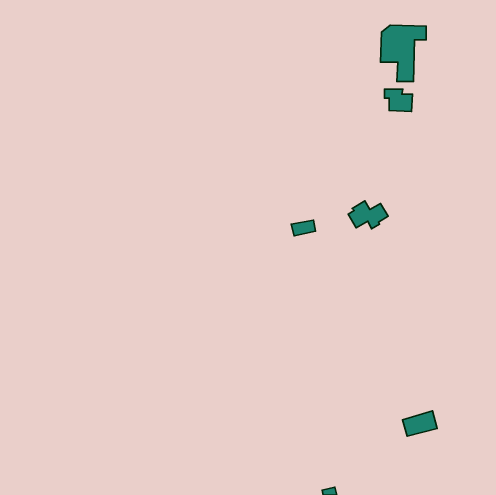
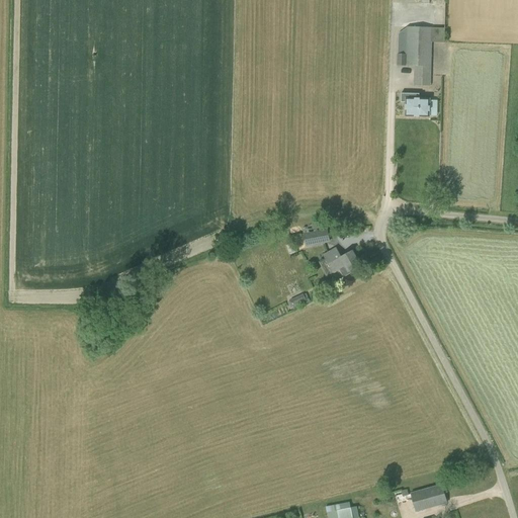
building: [348,201,388,229] -> [319,248,360,277]
building: [402,411,437,436] -> [411,484,447,510]

